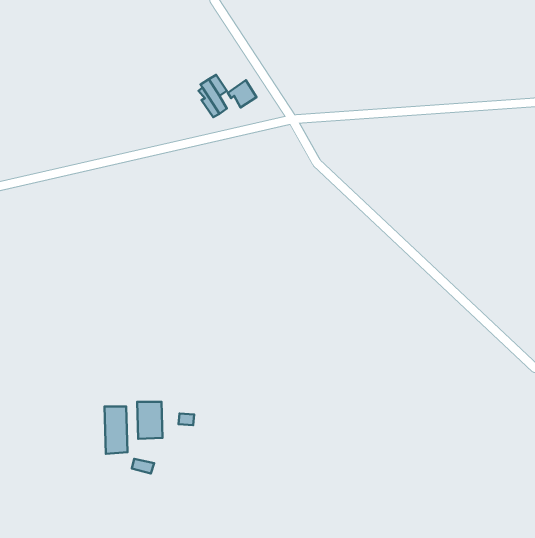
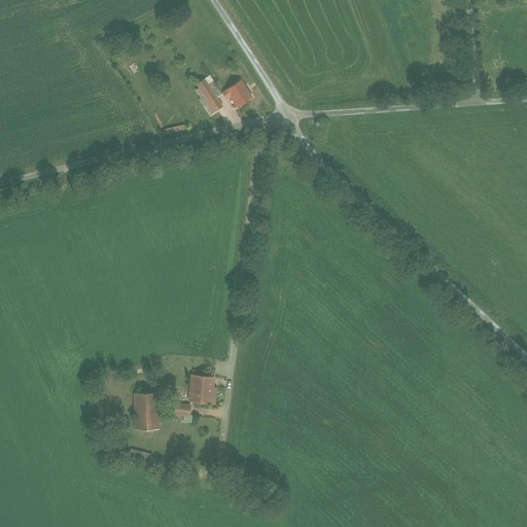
building: none -> [188,376,214,403]
building: [105,406,128,454] -> none

